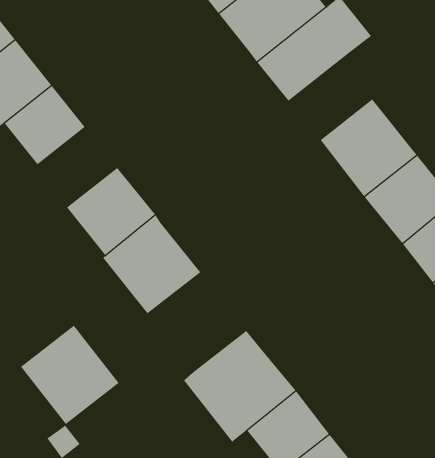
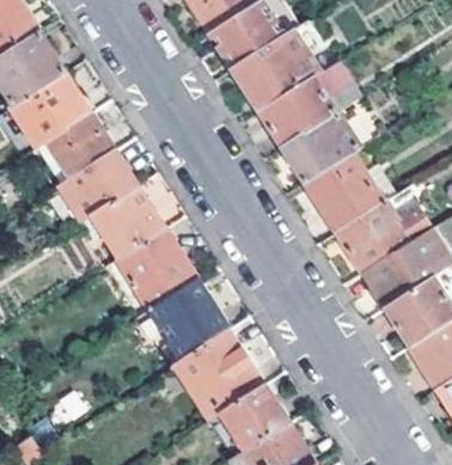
building: none -> [282,111,359,181]
building: none -> [57,149,136,221]
building: [20,325,119,425] -> [148,279,228,360]

